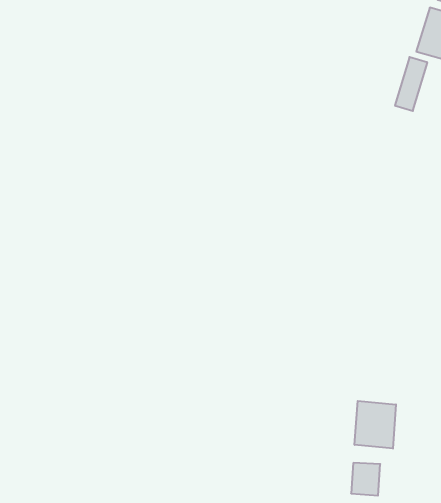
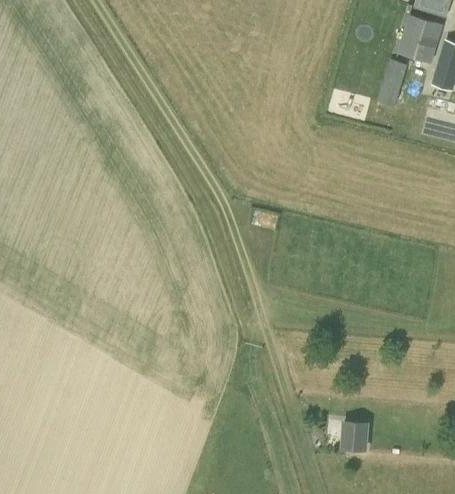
building: [355,401,396,449] -> none

